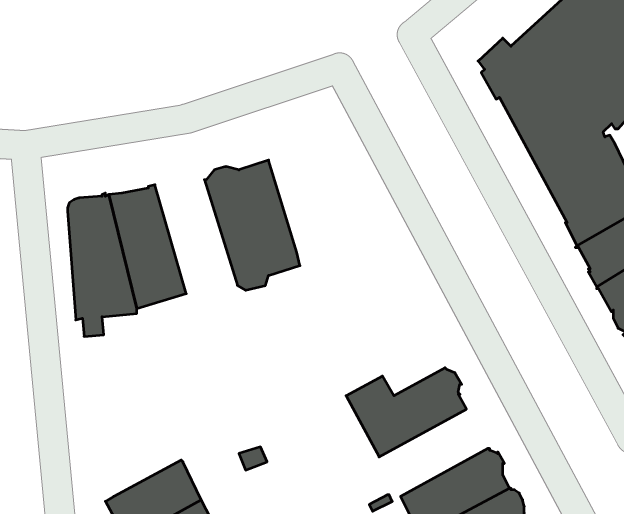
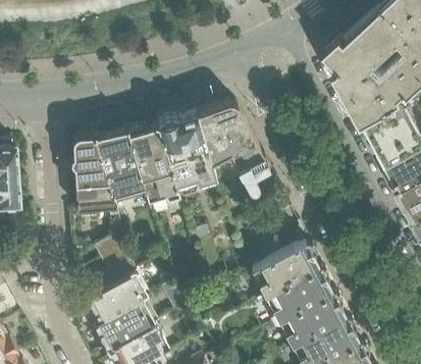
building: none -> [196,103,271,189]
building: none -> [125,123,182,214]
building: none -> [87,233,147,321]
building: none -> [264,267,331,321]

